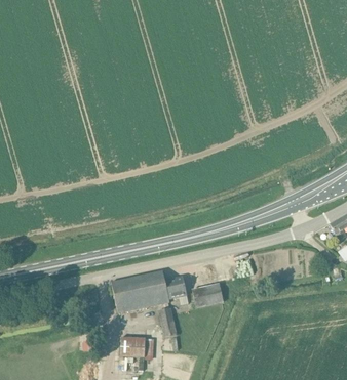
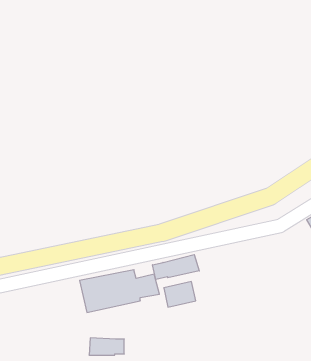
building: none -> [153,255,199,279]
building: [158,307,177,336] -> none

